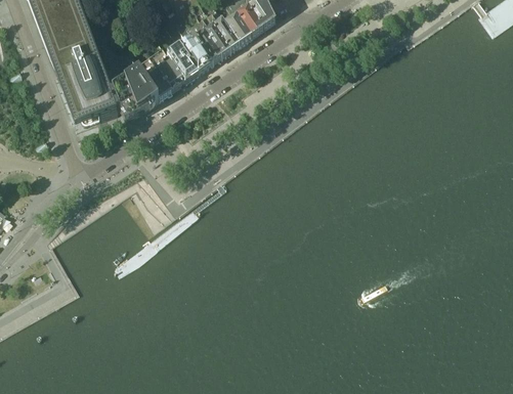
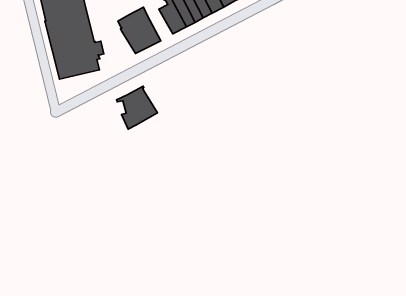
building: [168,42,199,77] -> none
building: [113,67,160,116] -> [117,86,158,129]

